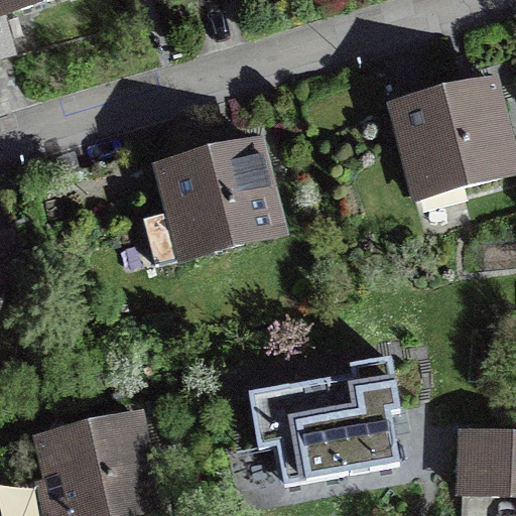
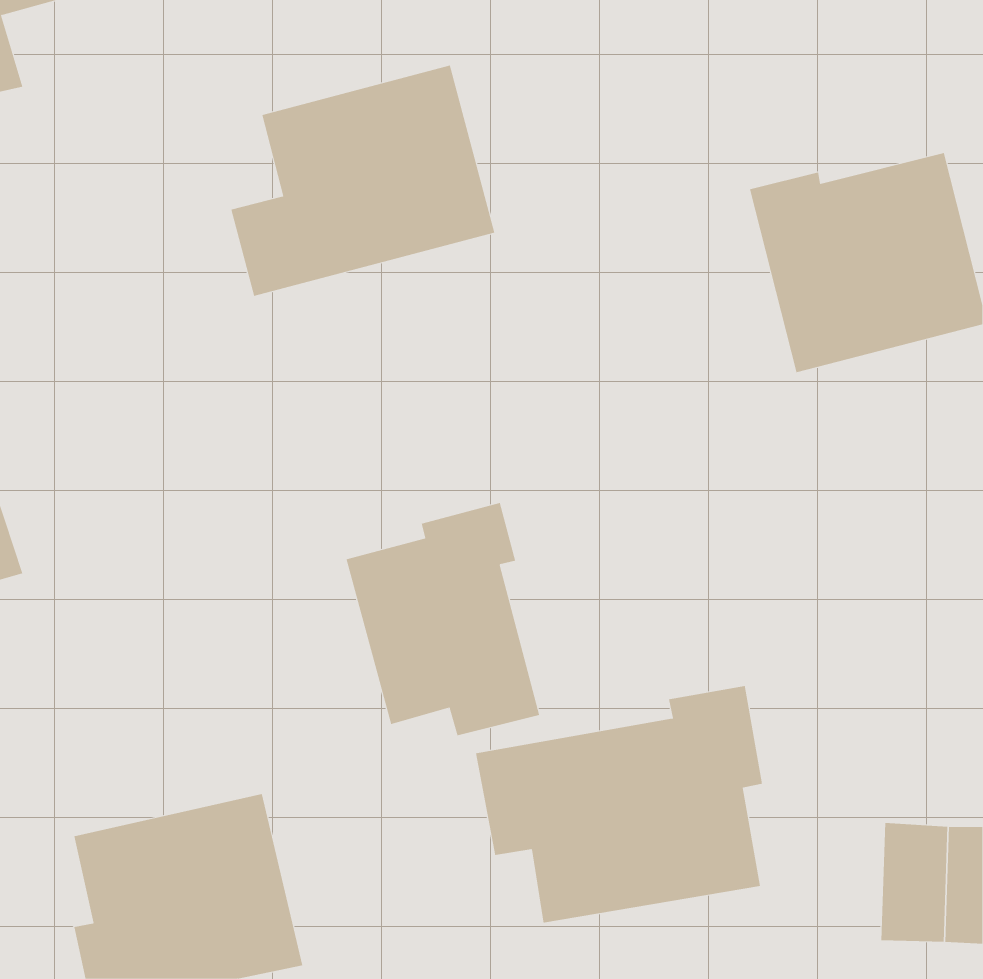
building: [143,141,281,262] -> [230,65,495,296]
building: none -> [346,502,540,736]

